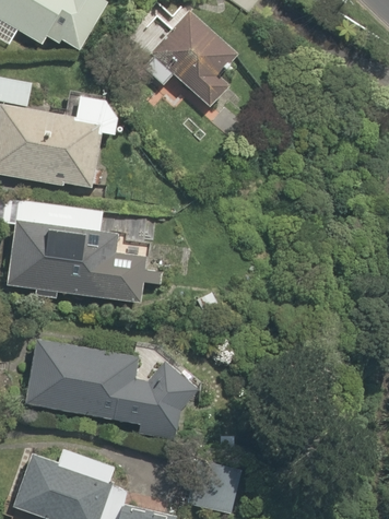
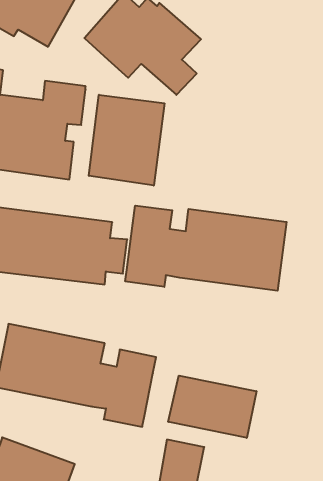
building: none -> [89,95,164,186]
building: none -> [125,206,287,291]
building: none -> [168,376,256,438]

